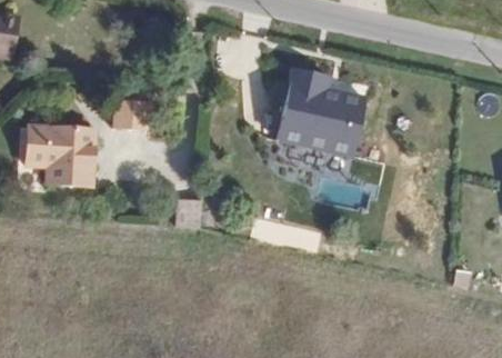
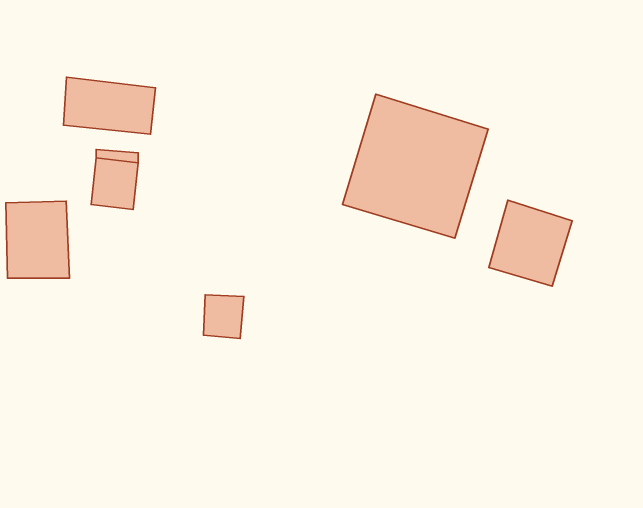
building: none -> [63,77,155,134]
building: none -> [489,200,572,286]

